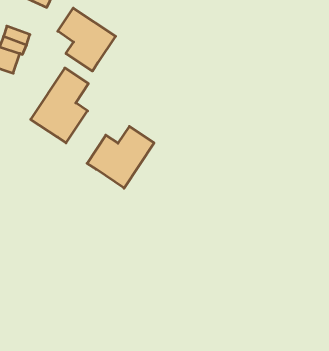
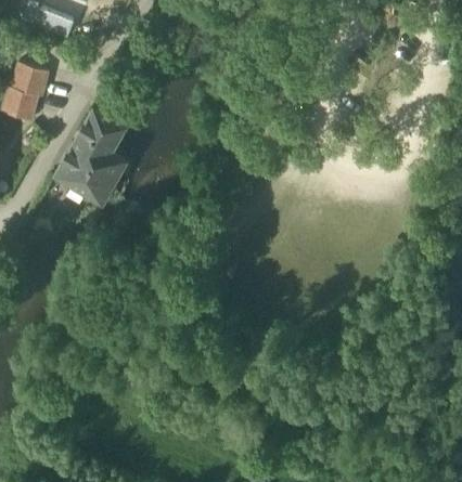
building: [58,8,116,71] -> none
building: [87,126,154,188] -> none

